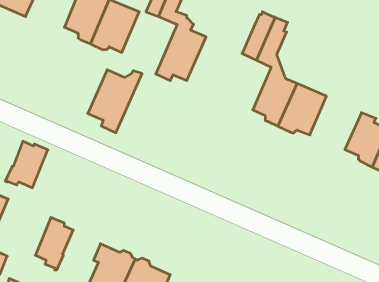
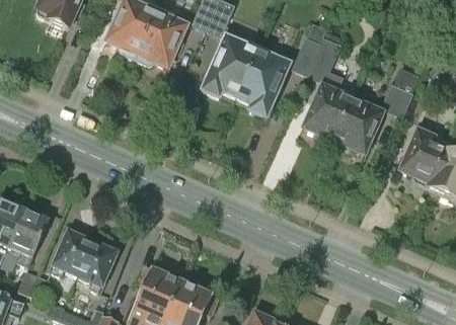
building: none -> [383,71,417,114]
building: [88,70,142,133] -> [236,49,293,114]
building: [5,141,48,188] -> [50,228,94,276]

